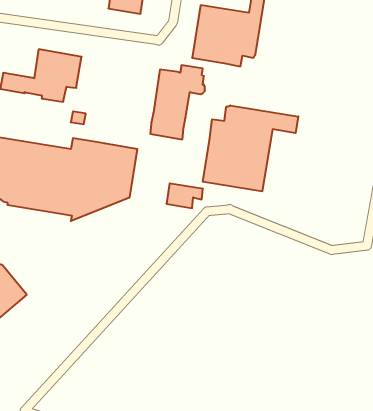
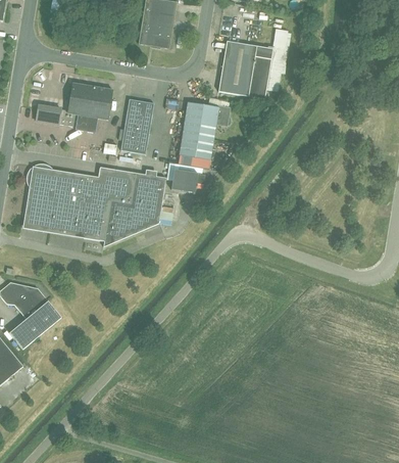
building: none -> [119,98,153,153]
building: [203,105,298,191] -> none
building: [166,183,203,208] -> [169,169,204,192]

